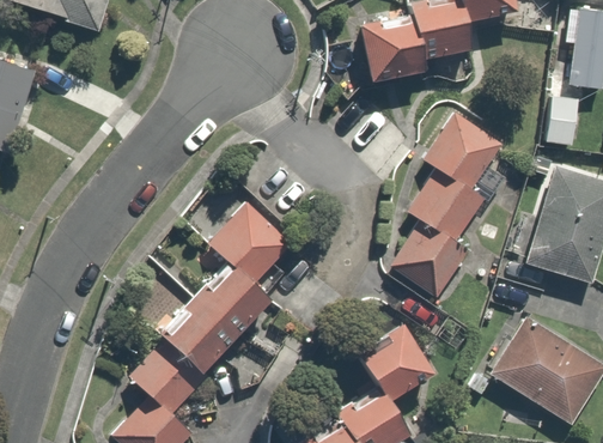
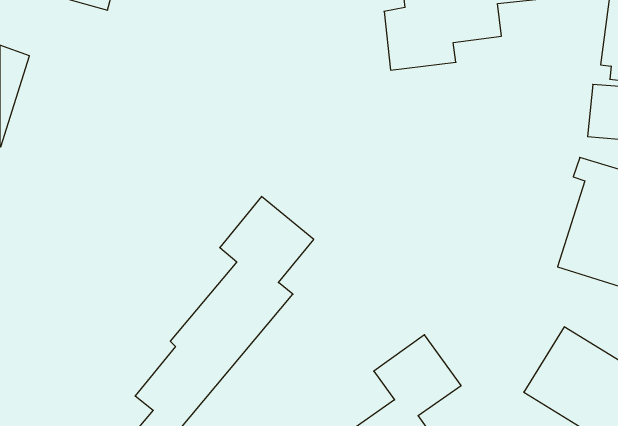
building: [392,113,499,298] -> none

